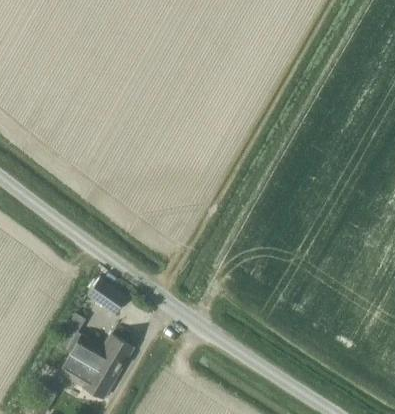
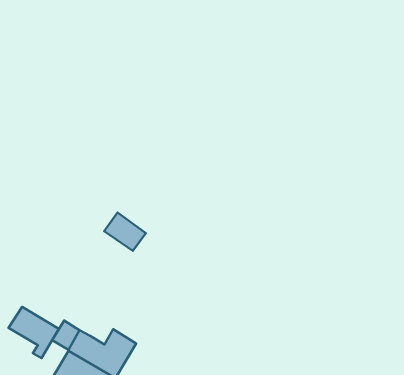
building: [89,278,127,313] -> [104,212,146,251]
building: none -> [9,307,59,358]

